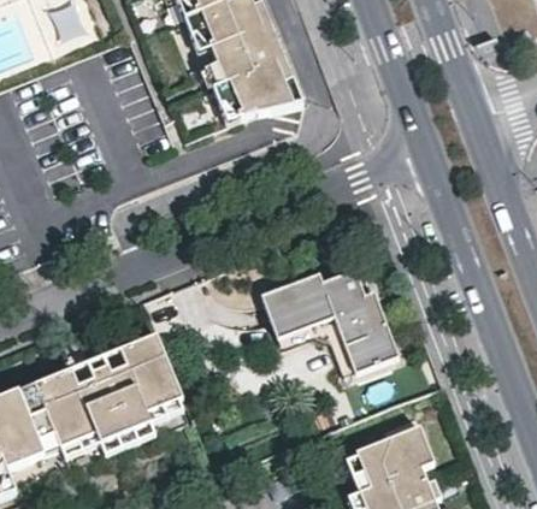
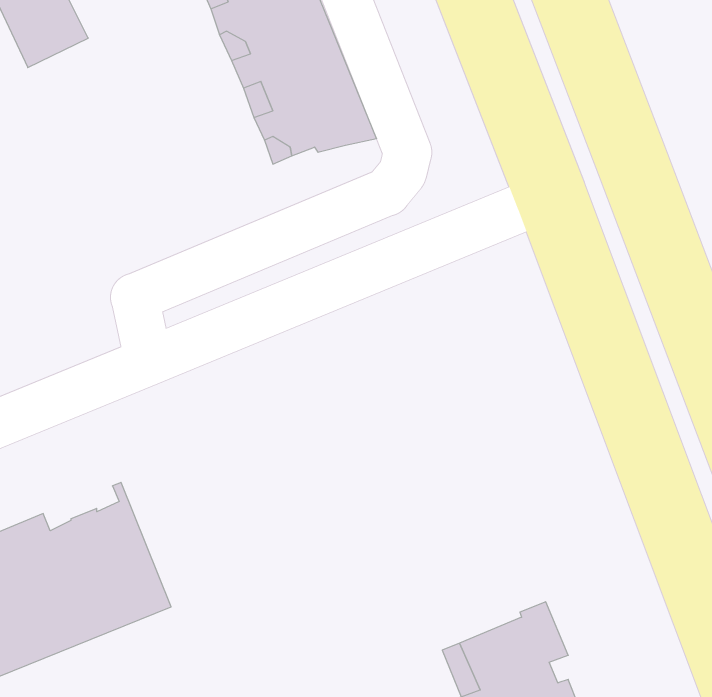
building: [260,271,399,373] -> none
building: [122,327,188,427] -> none

